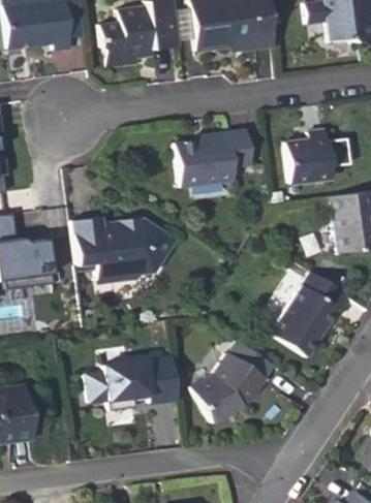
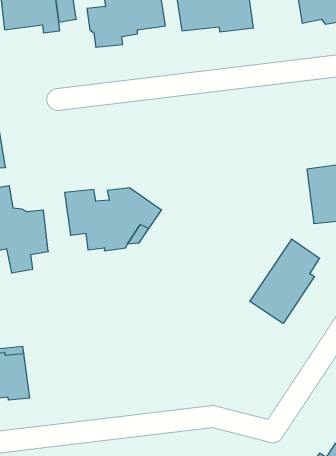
building: [174,128,252,186] -> none
building: [282,131,329,184] -> none
building: [87,353,178,409] -> none
building: [194,355,266,422] -> none

